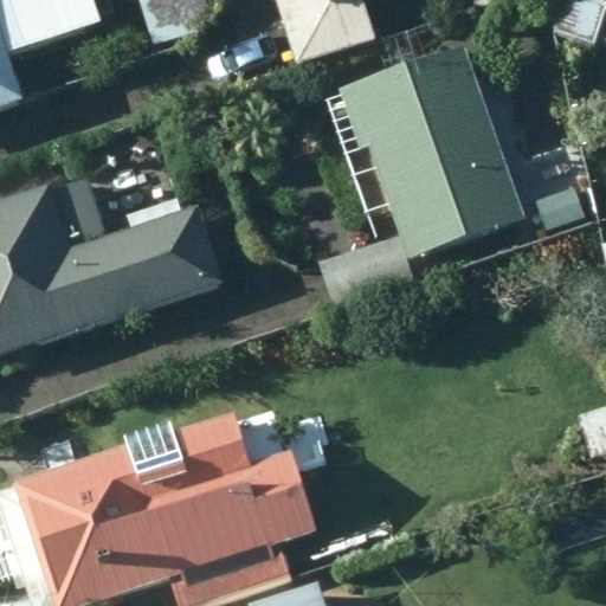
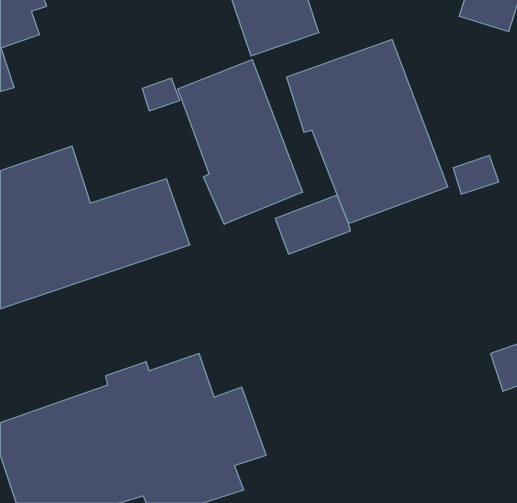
building: none -> [178,60,303,224]

